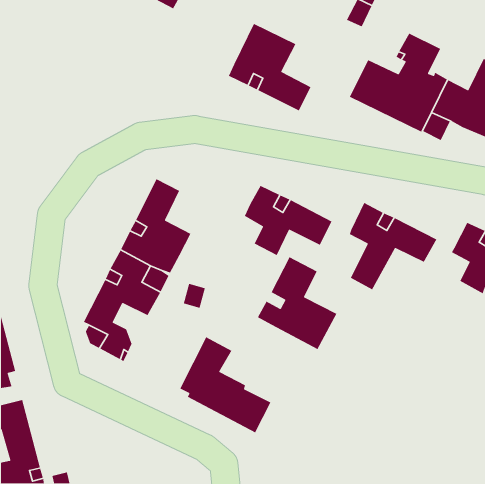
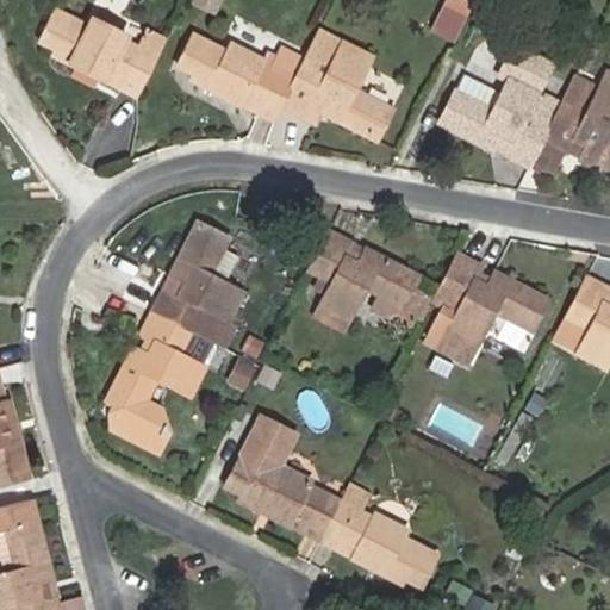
building: none -> [41,11,163,95]
building: none -> [178,35,294,119]
building: [257,256,337,350] -> none
building: none -> [322,503,438,586]

